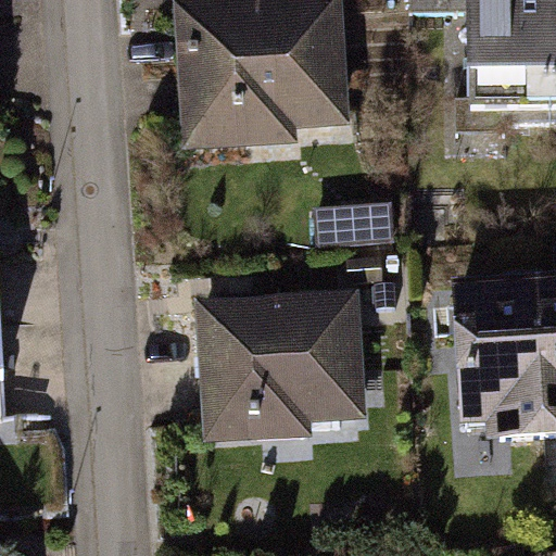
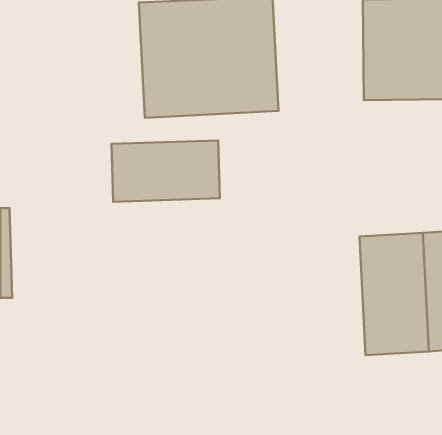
building: none -> [112,140,220,202]
building: [193,296,366,441] -> none

